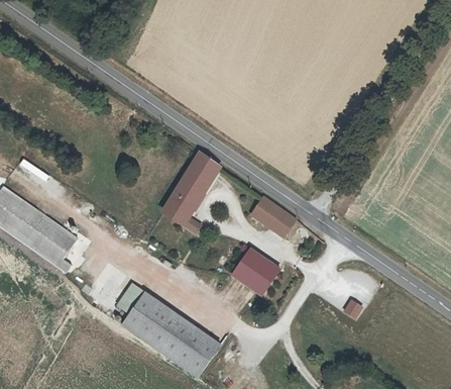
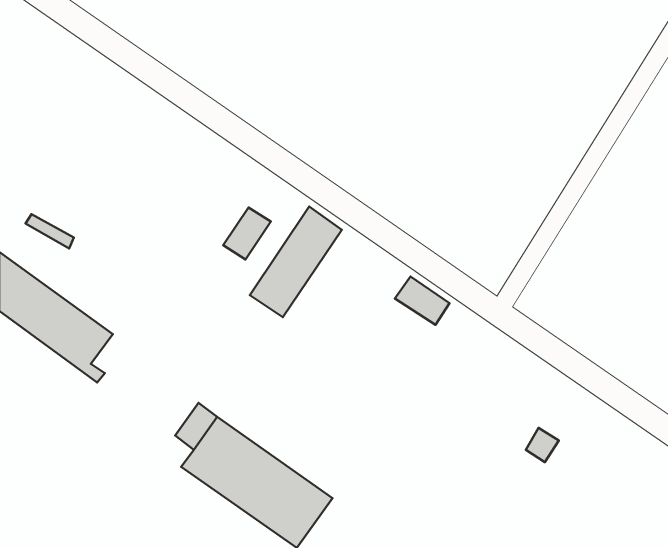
building: none -> [223,207,271,260]
building: [225,245,275,302] -> none

